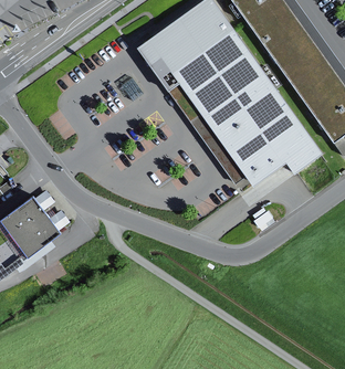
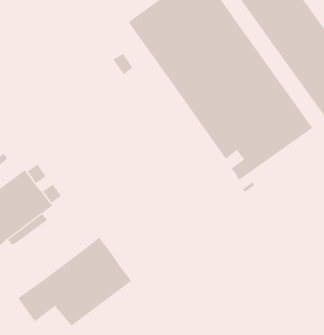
building: none -> [17,236,132,327]

